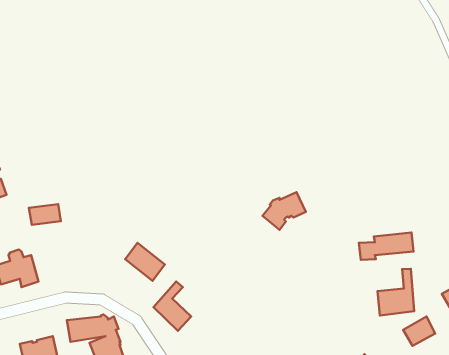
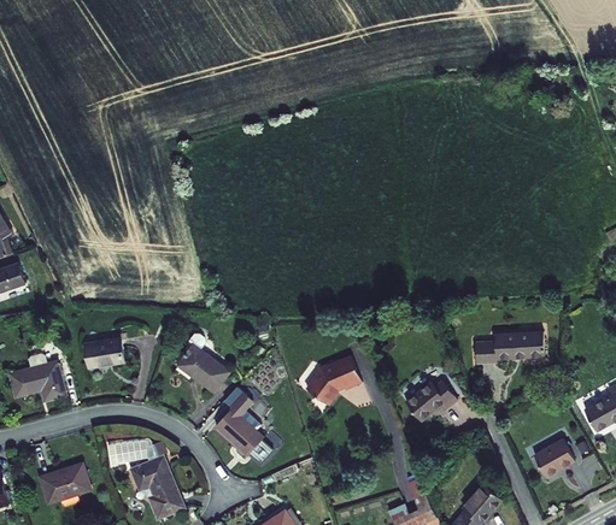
building: [262,192,306,230] -> [305,358,360,406]
building: [29,204,61,225] -> [84,340,125,366]
building: [378,269,414,315] -> none
building: none -> [404,382,457,419]

